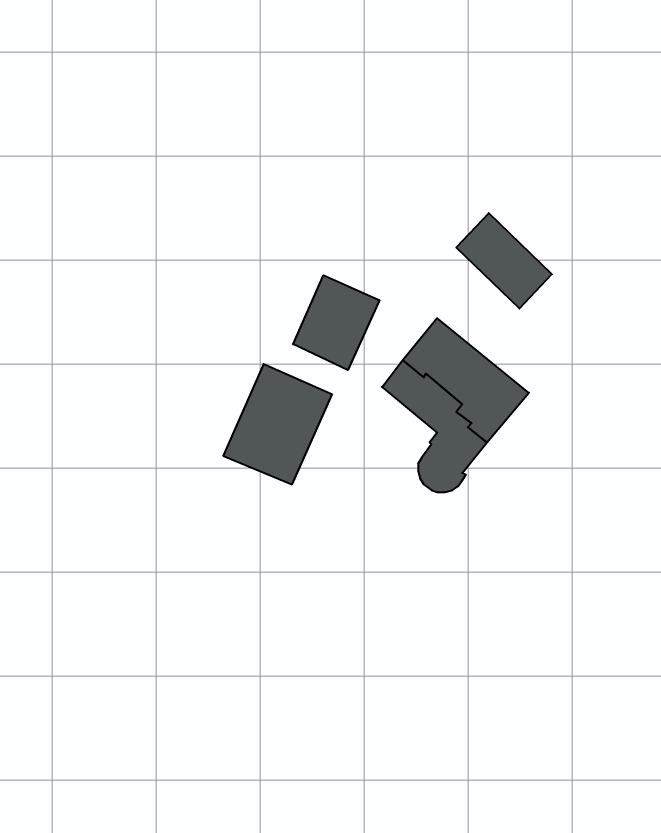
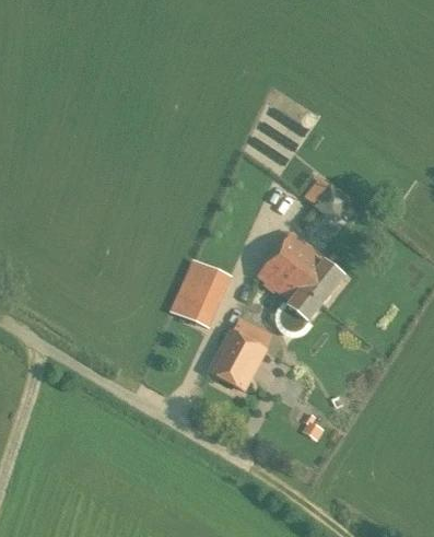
building: [293,275,379,370] -> none
building: none -> [208,327,269,392]

